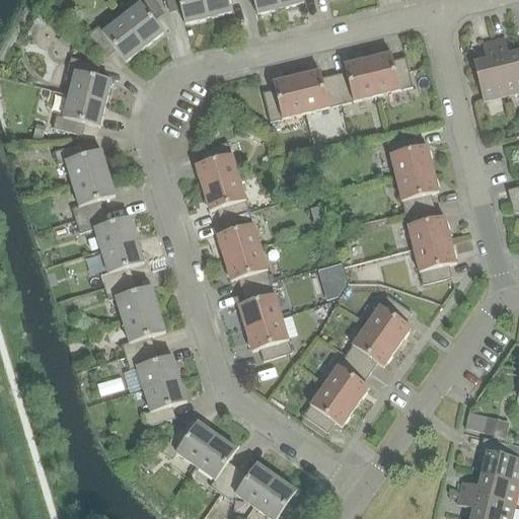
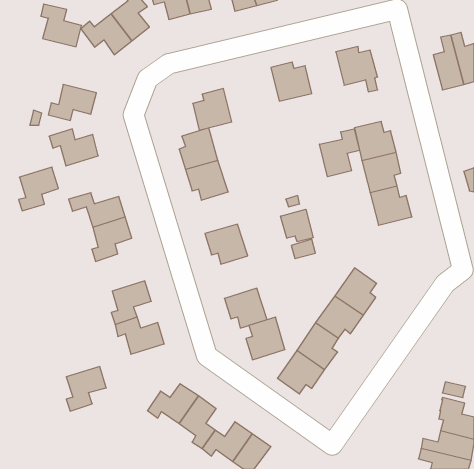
building: [67,55,112,101] -> [41,4,82,47]
building: [333,57,376,102] -> none
building: [263,74,305,120] -> [193,89,232,130]
building: none -> [320,129,360,177]
building: [71,170,115,218] -> [19,167,58,211]
building: [217,210,260,255] -> none
building: none -> [281,209,313,242]
building: [414,237,456,283] -> none
building: [104,278,158,318] -> none
building: [238,280,281,326] -> [246,317,285,360]
building: [143,376,187,425] -> [66,367,106,411]

